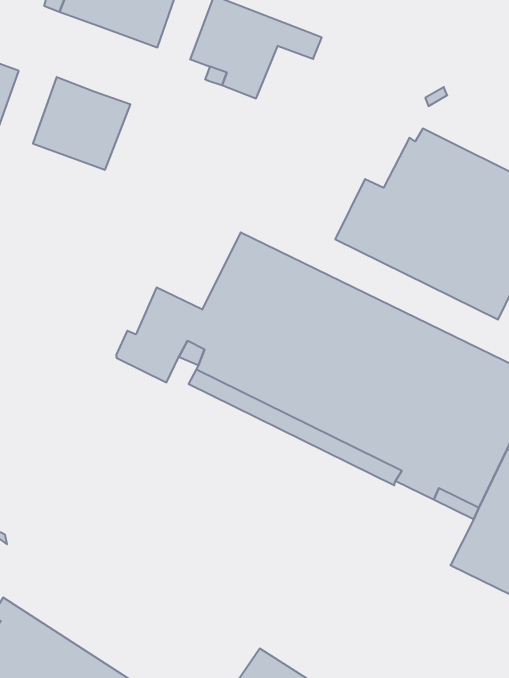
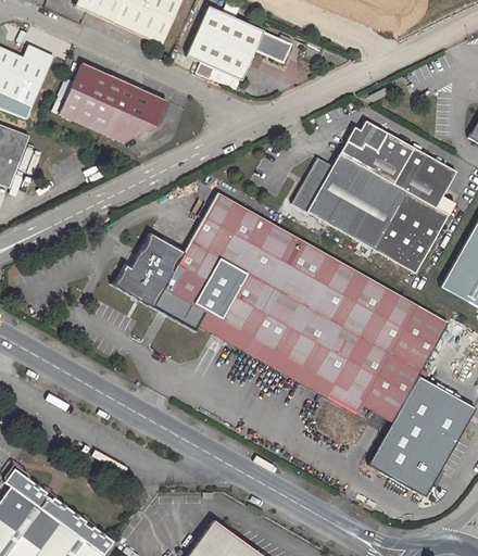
building: none -> [115,88,167,142]

